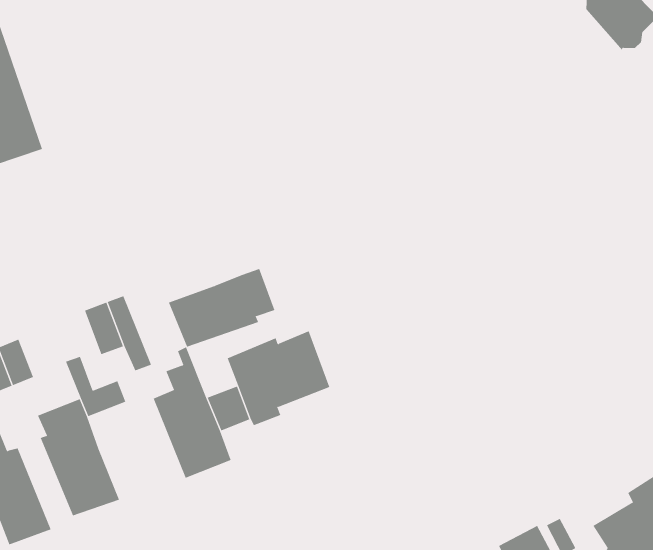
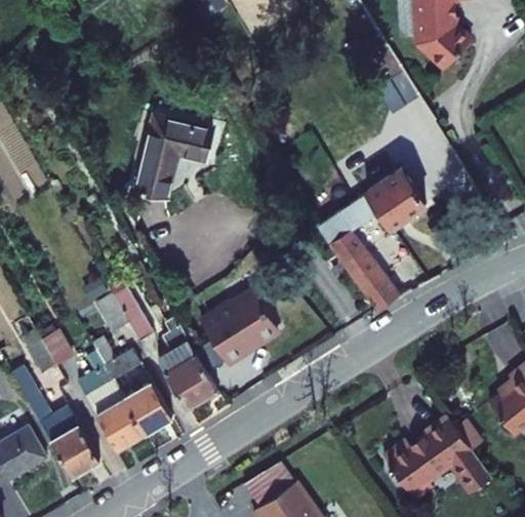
building: none -> [134,110,213,193]
building: none -> [322,168,428,313]
building: [168,268,275,348] -> none
building: none -> [123,384,173,434]

